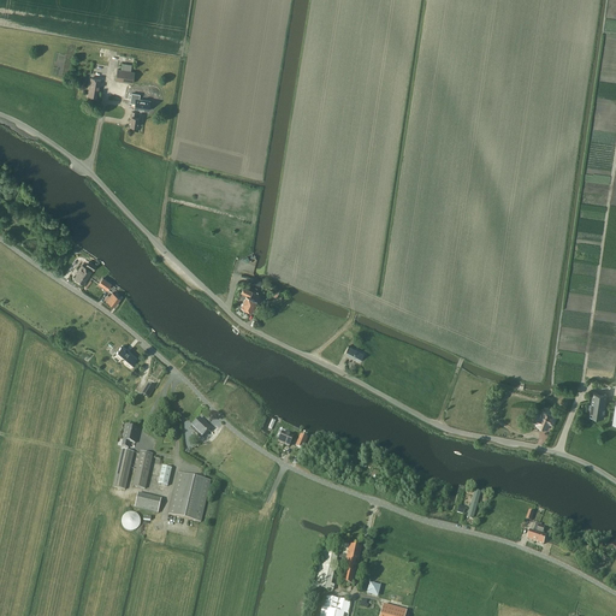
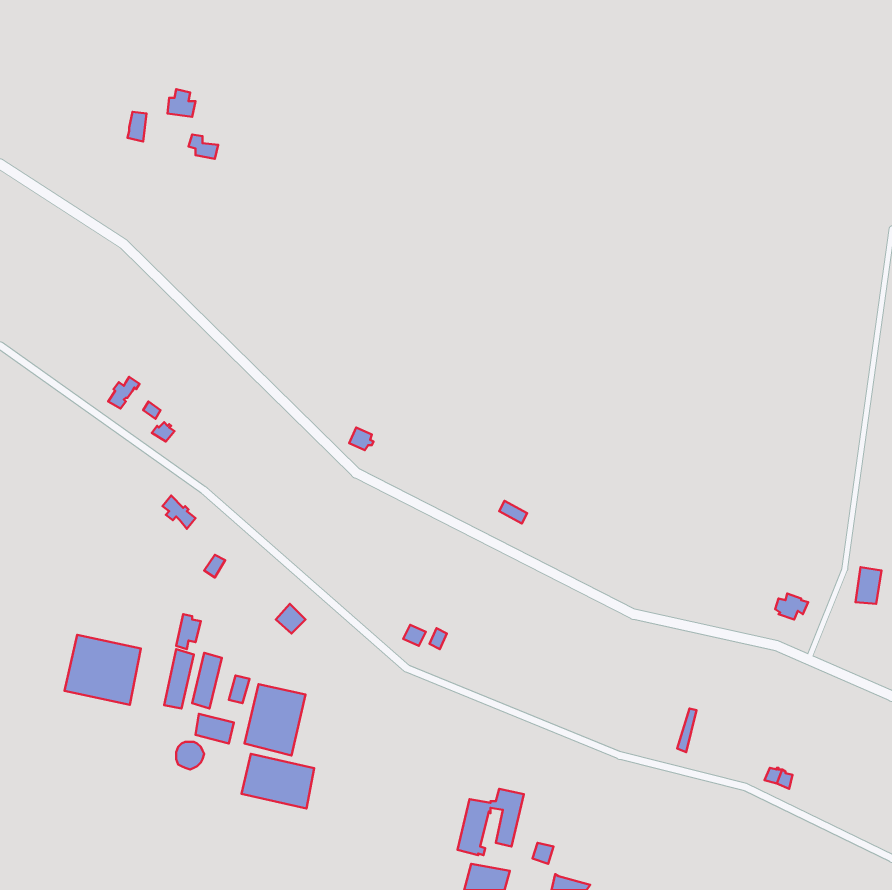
building: none -> [65,635,141,705]
building: none -> [241,754,314,809]

